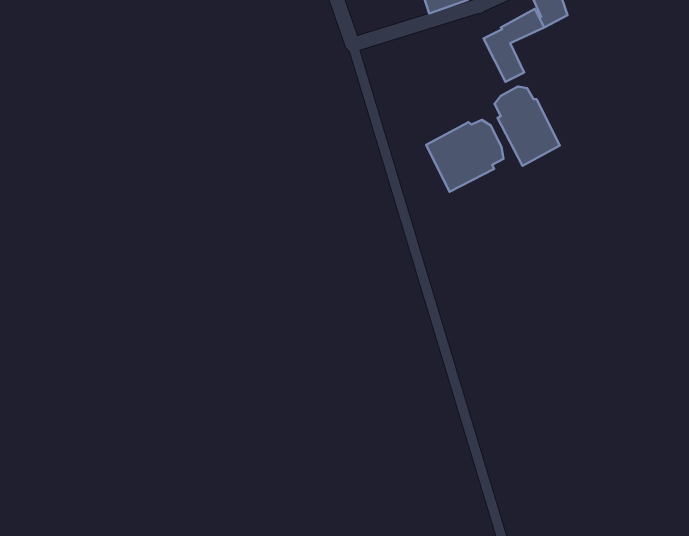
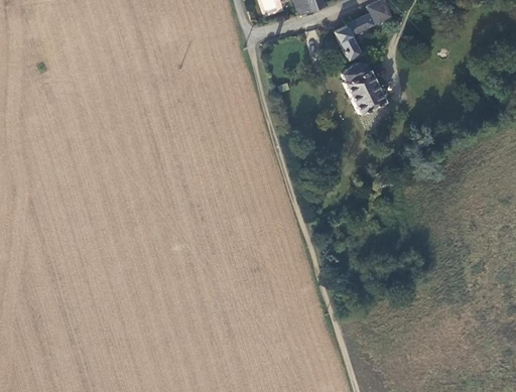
building: [426,120,503,192] -> none

